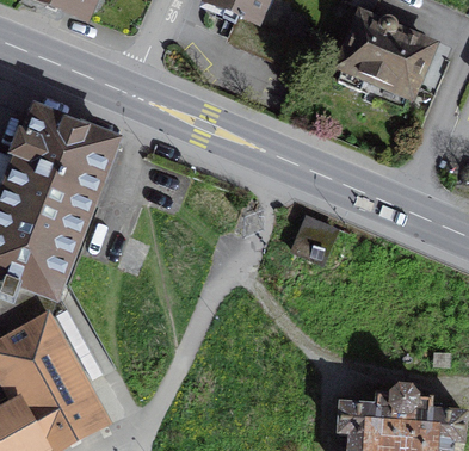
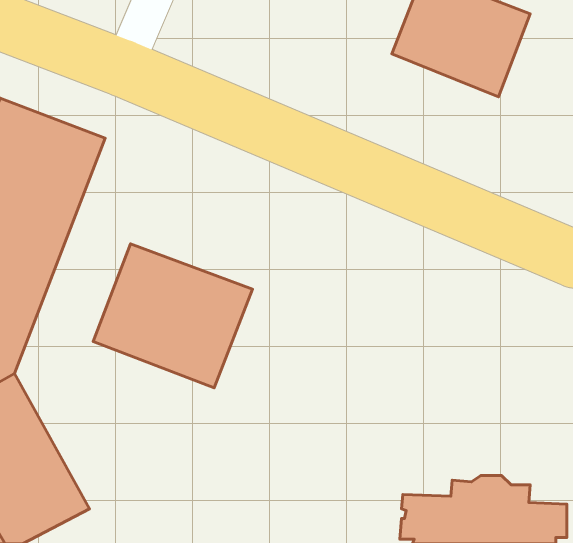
building: none -> [93,244,252,388]

